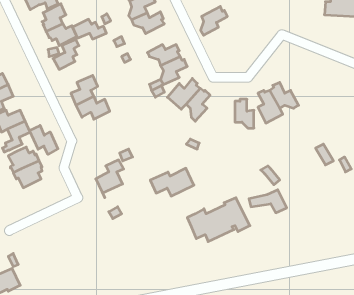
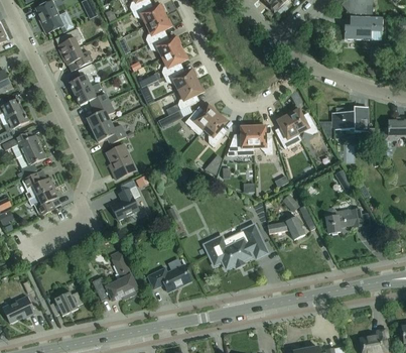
building: [201,6,227,35] -> [161,47,188,77]
building: [73,19,106,39] -> [75,86,109,106]
building: none -> [319,107,368,139]
building: none -> [227,124,254,155]
building: none -> [106,144,136,180]
building: [29,125,58,154] -> none
building: [150,168,194,196] -> [147,263,191,291]
building: none -> [325,207,362,233]
building: none -> [92,250,138,301]
building: none -> [46,290,83,316]

